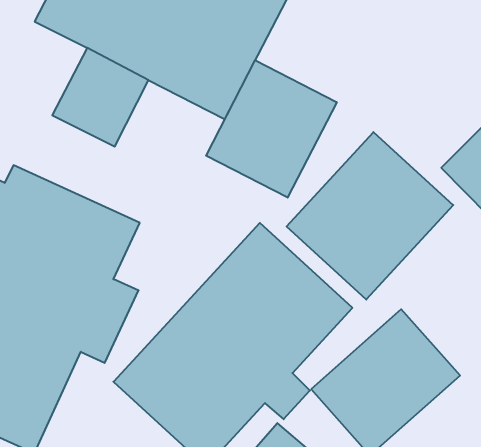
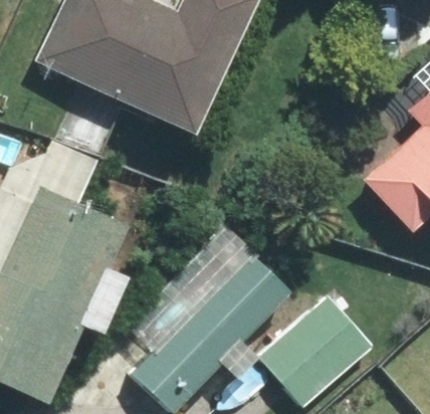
building: [206,60,337,198] -> none
building: [287,132,453,300] -> none

